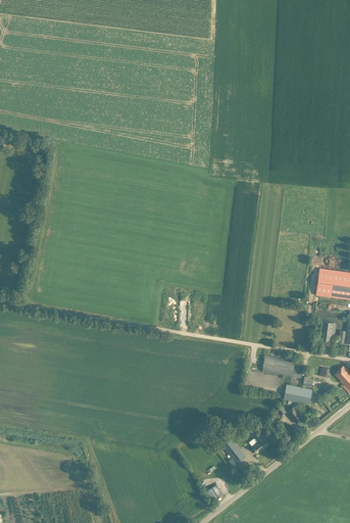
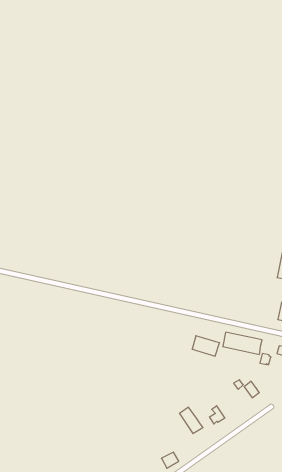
building: [284,384,312,405] -> [192,336,220,356]

